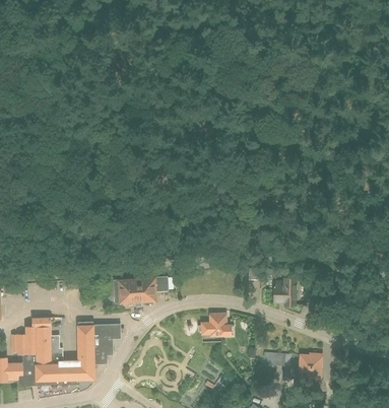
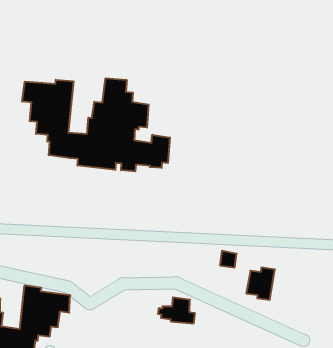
building: none -> [22,78,170,171]
building: [113,276,168,304] -> none

